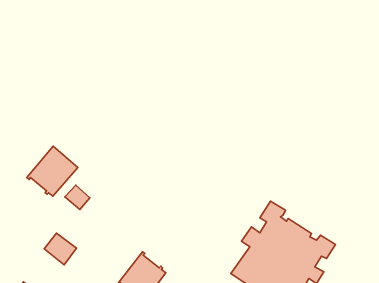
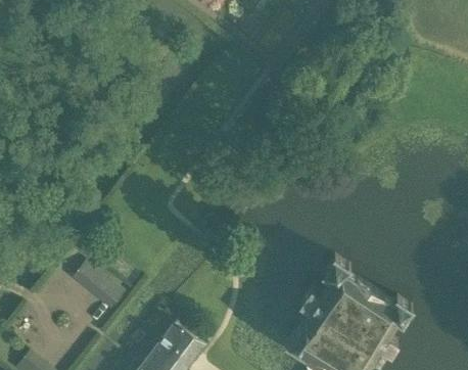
building: [27,146,78,196] -> none
building: [44,233,77,265] -> [83,274,123,313]

